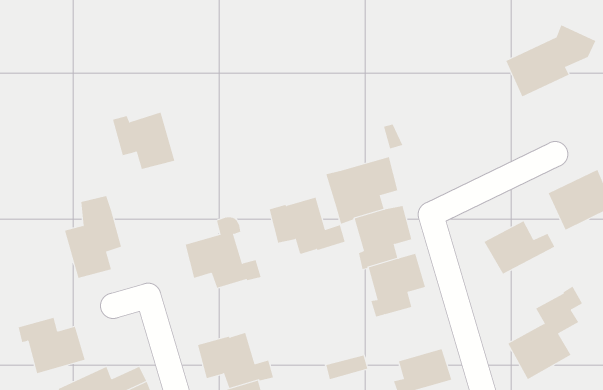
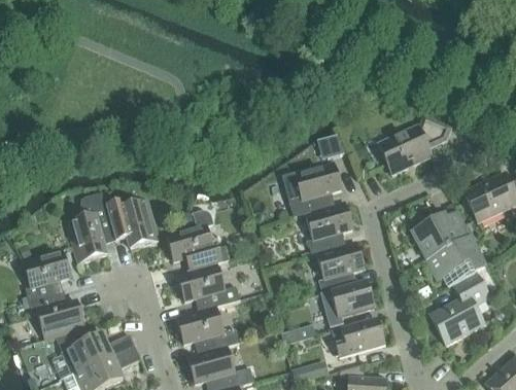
building: [506,24,596,97] -> [378,114,452,174]
building: [112,112,175,170] -> [106,200,158,247]
building: [269,197,345,254] -> [177,262,240,310]
building: none -> [426,236,486,287]
building: none -> [23,249,70,302]
building: none -> [330,281,374,317]

